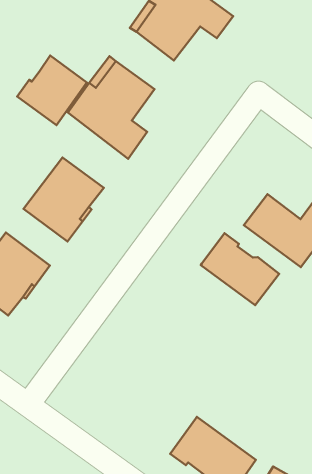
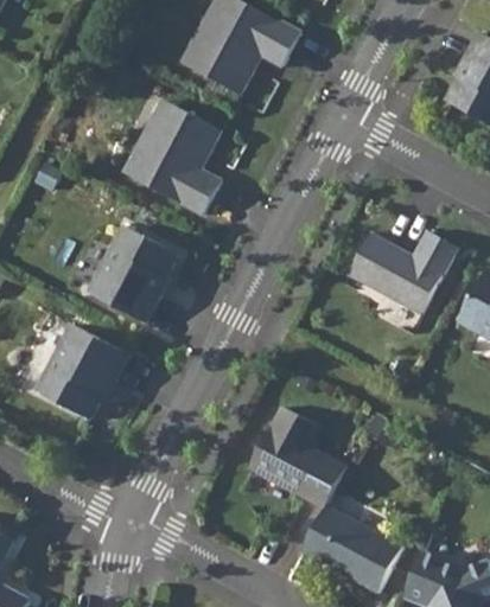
building: [17,56,87,125] -> none
building: [201,233,279,305] -> none
building: none -> [248,405,346,507]

